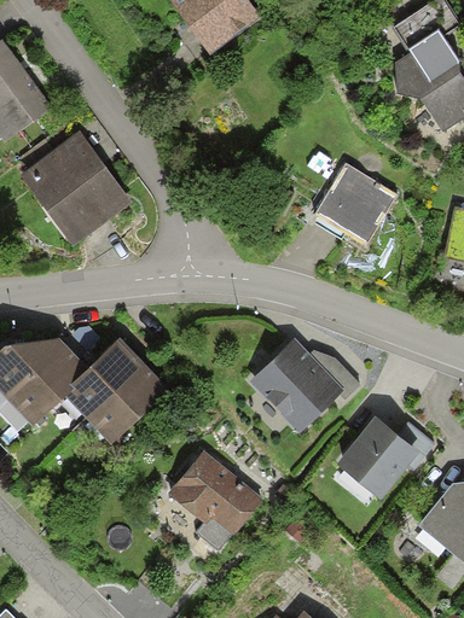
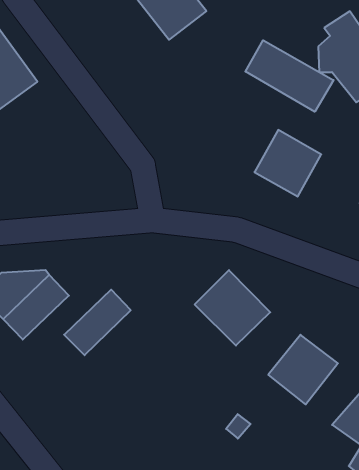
building: none -> [245,40,334,112]
building: [23,132,135,247] -> none
building: [62,339,141,418] -> none
building: [166,450,265,538] -> none

